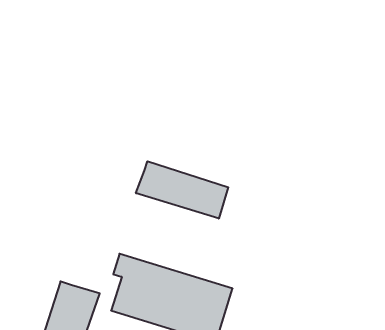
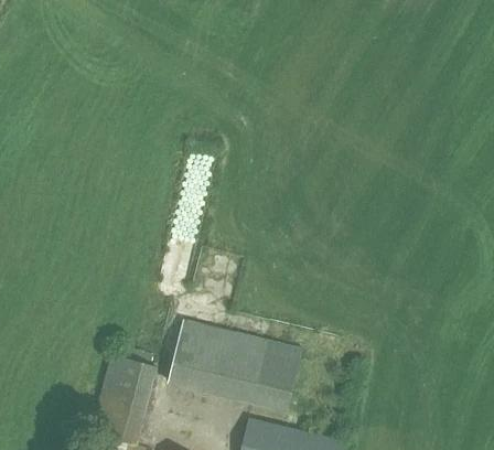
building: [136,161,228,219] -> none

